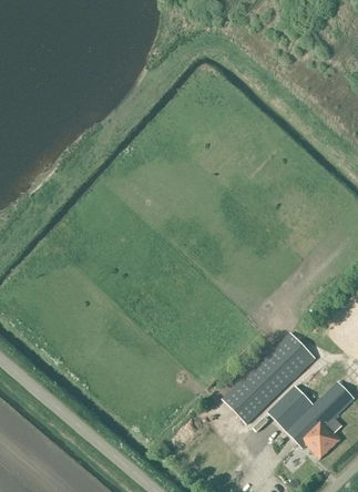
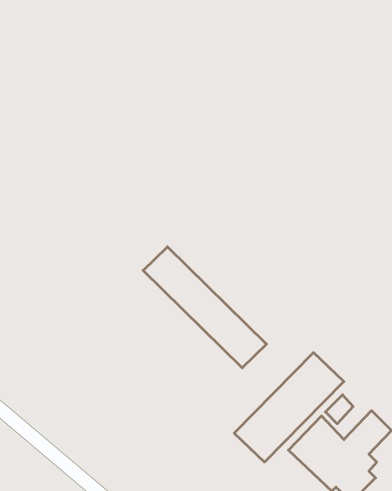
building: none -> [143,247,267,368]

